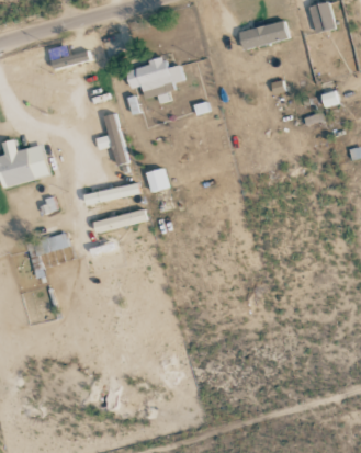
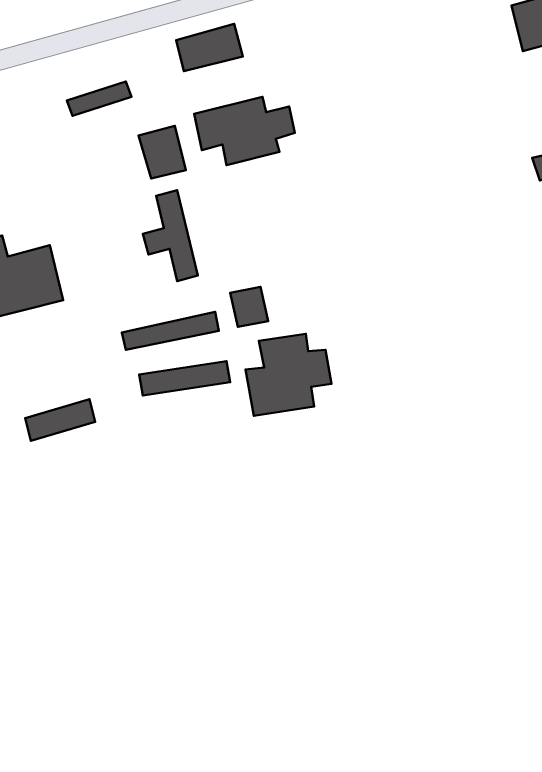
building: none -> [176,24,243,71]
building: [238,19,289,49] -> none
building: none -> [138,126,186,179]
building: none -> [245,334,331,416]

